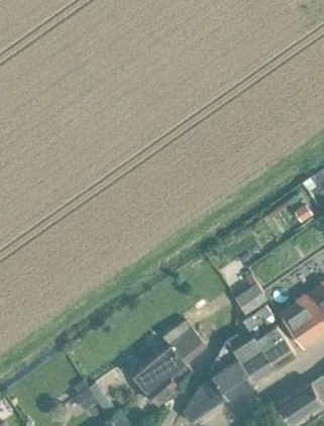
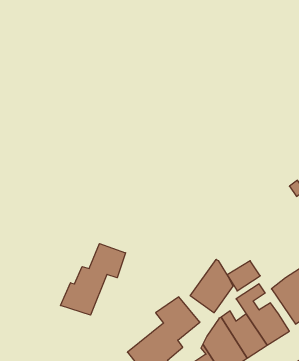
building: none -> [61,244,126,315]
building: none -> [190,259,233,313]

